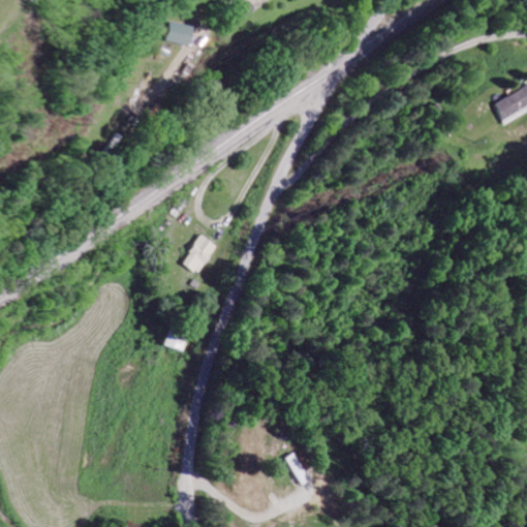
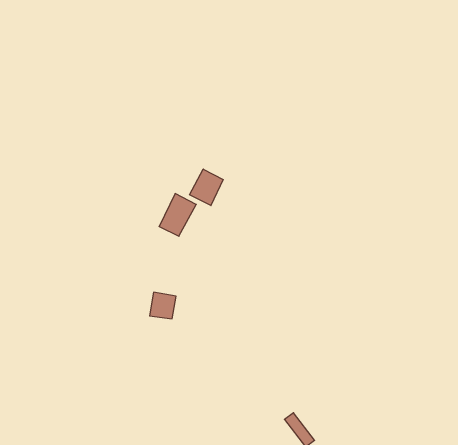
building: none -> [190,169,223,206]

